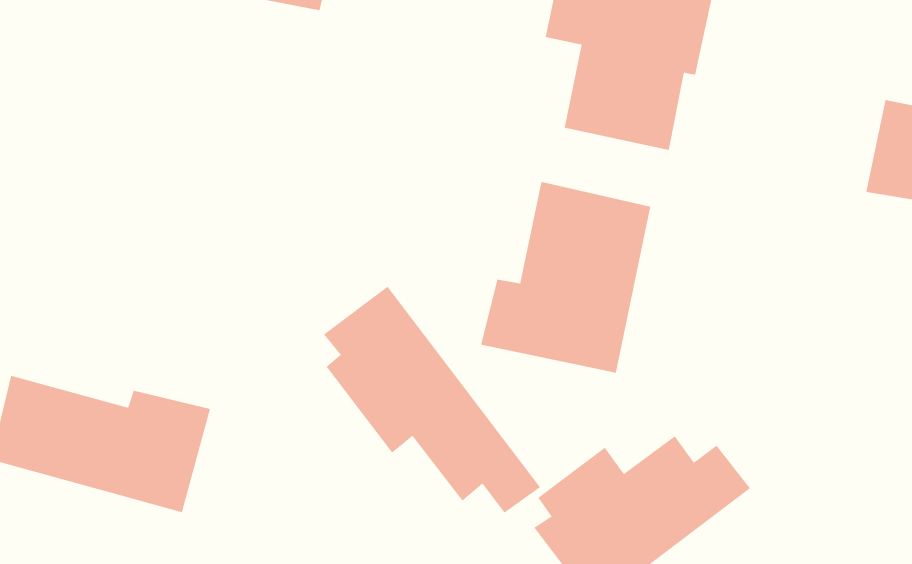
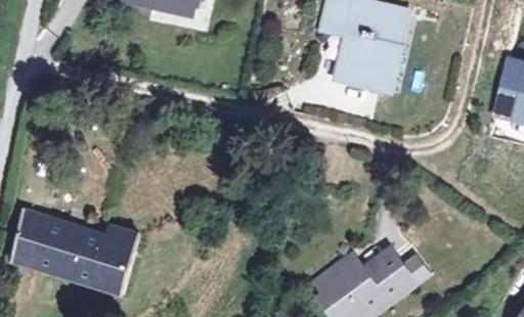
building: [480,181,651,374] -> none
building: [323,286,541,514] -> none

